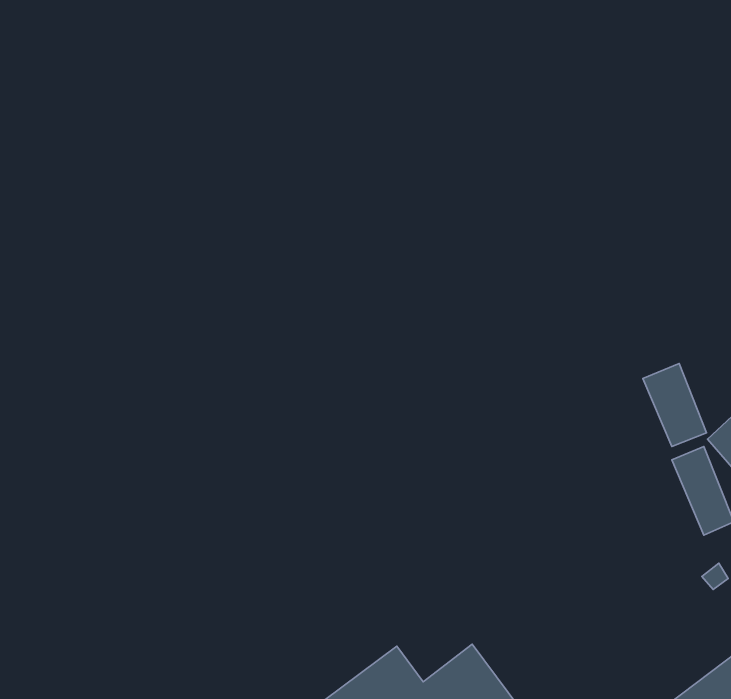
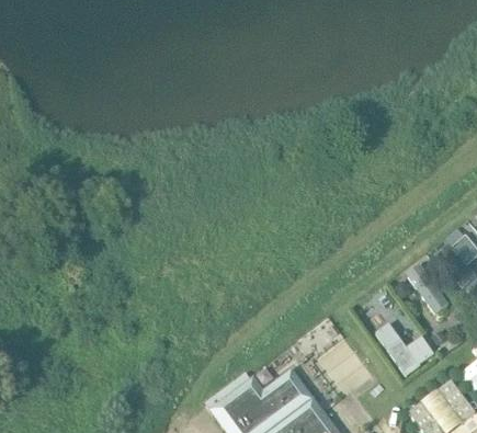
building: [643,363,707,446] -> none
building: none -> [373,323,432,376]

